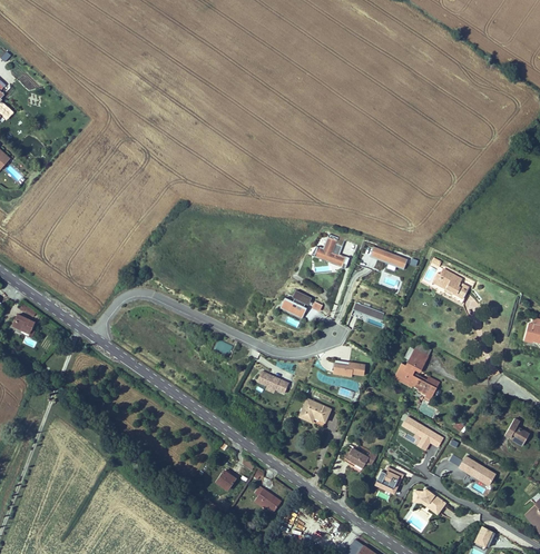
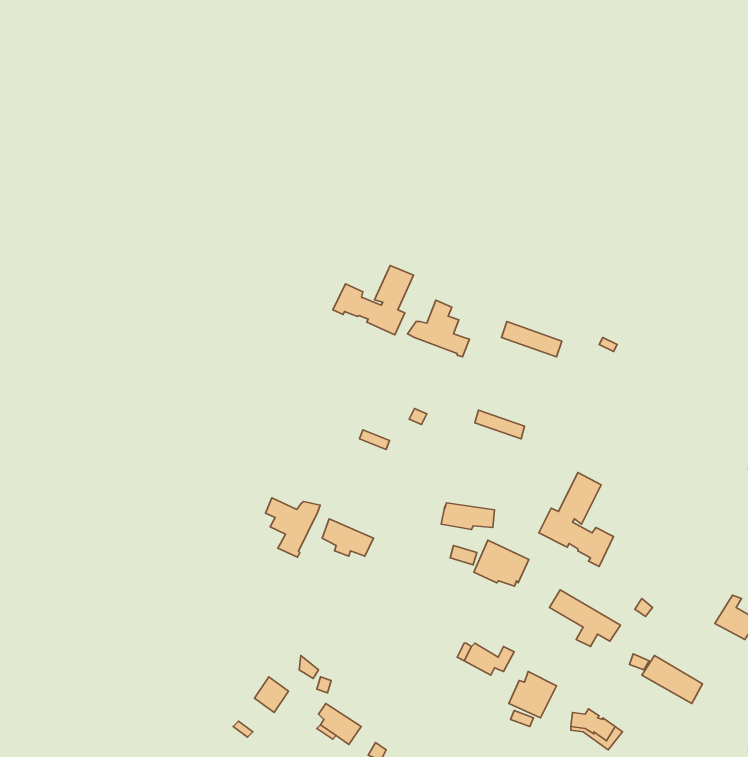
building: none -> [333,266,414,335]
building: [432,268,469,299] -> none
building: [279,290,312,319] -> none
building: none -> [265,498,320,557]
building: [297,397,332,426] -> [474,540,529,586]

